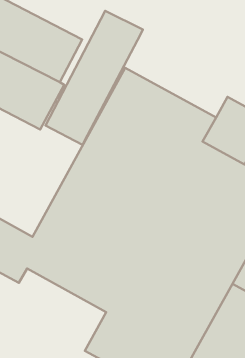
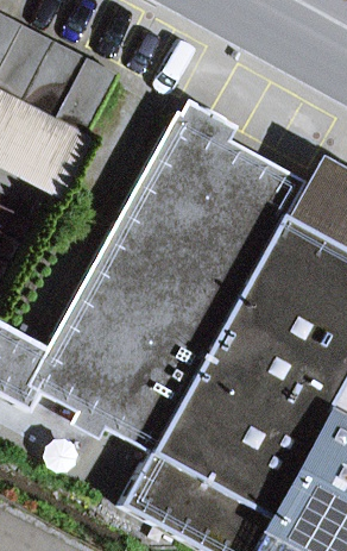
building: [45,11,143,145] -> none

